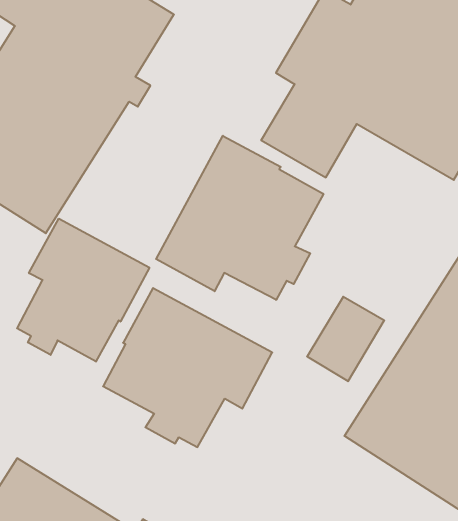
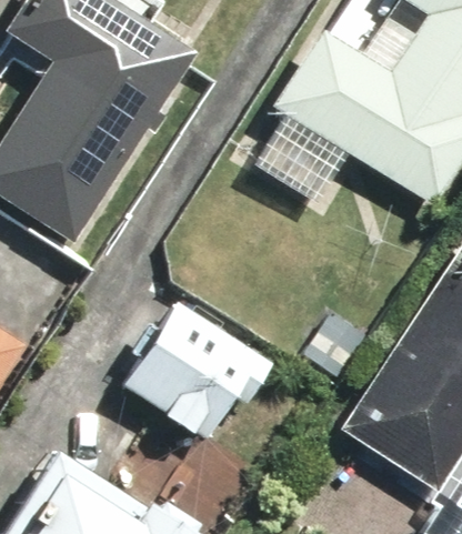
building: [156,136,323,300] -> none
building: [17,219,149,362] -> none

